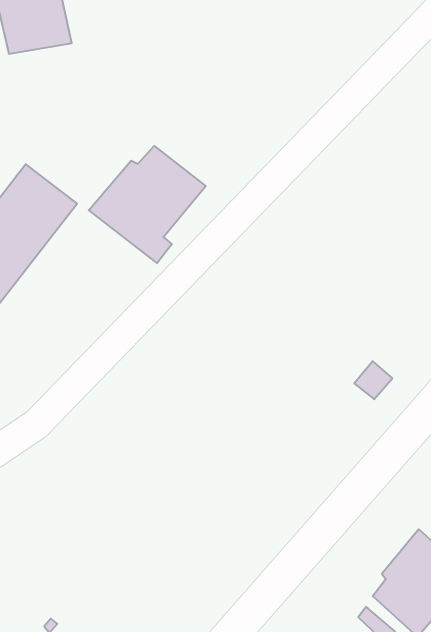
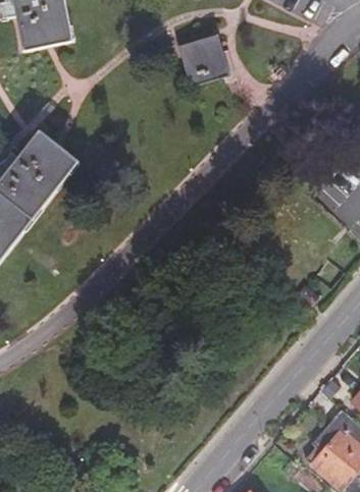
building: none -> [179,30,230,84]
building: [89,146,206,263] -> none

